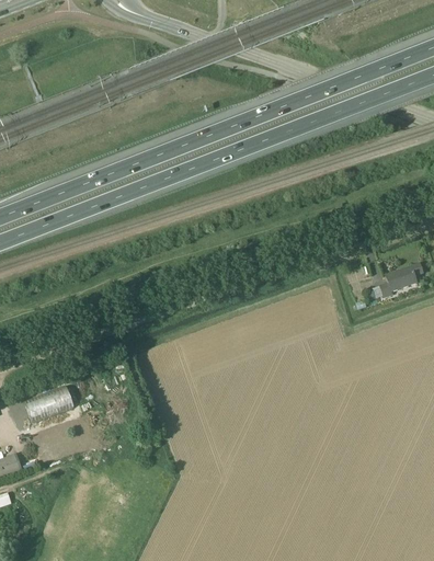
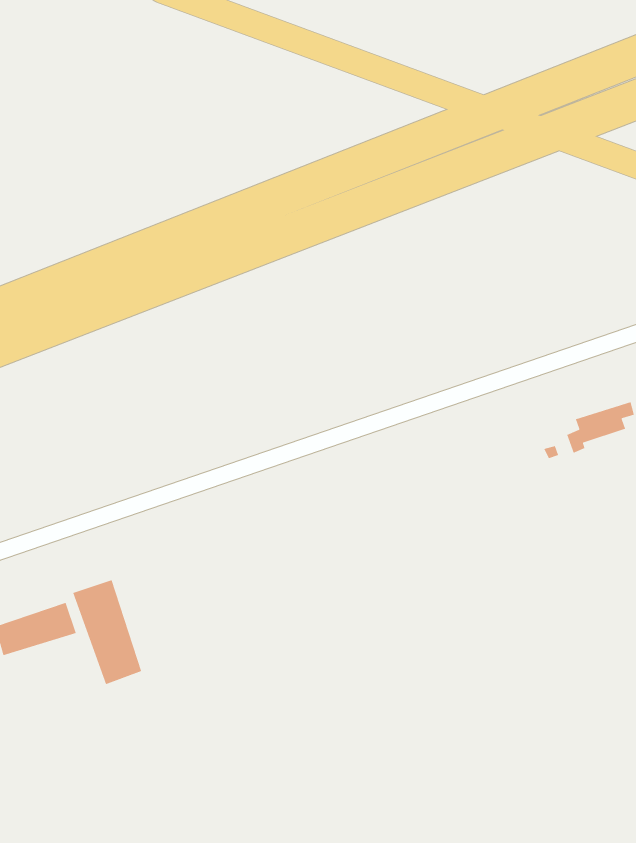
building: none -> [72,579,142,685]

